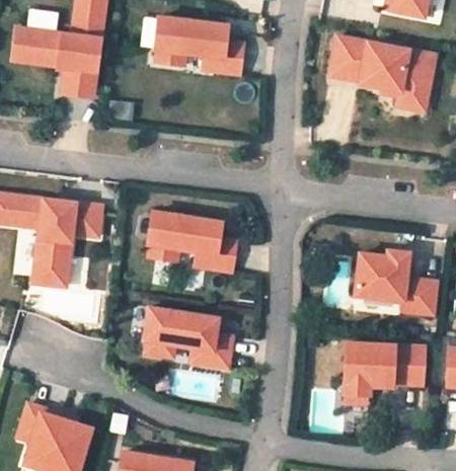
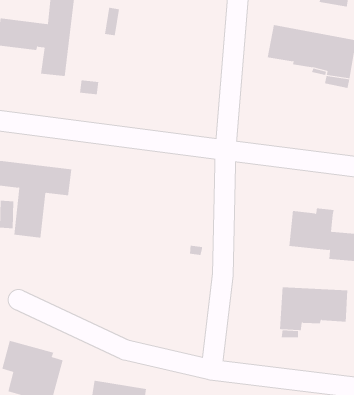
building: [154,17,241,74] -> none
building: [149,212,236,271] -> none
building: [145,308,232,368] -> none

